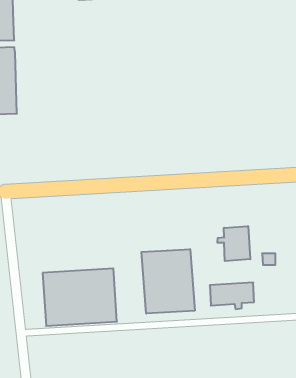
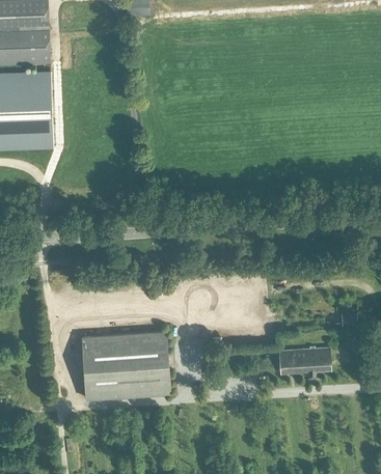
building: [217,226,250,261] -> none
building: [142,249,195,314] -> none

